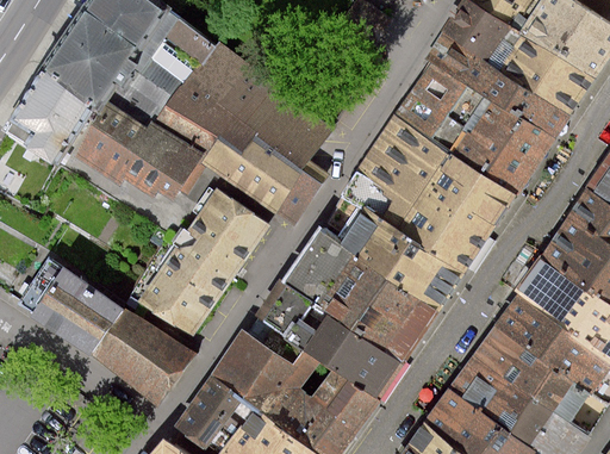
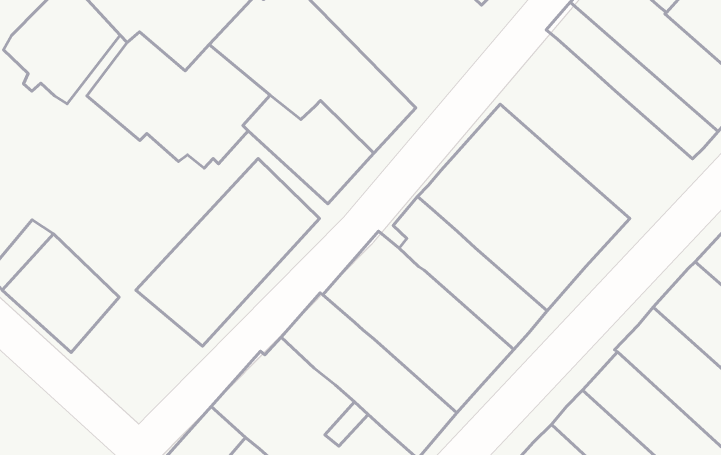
building: [398,62,552,195] -> none
building: [276,161,331,226] -> none
building: [95,307,199,400] -> none

